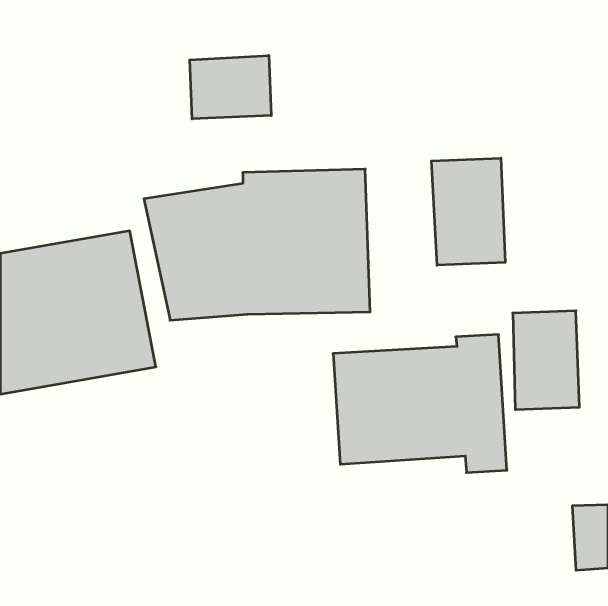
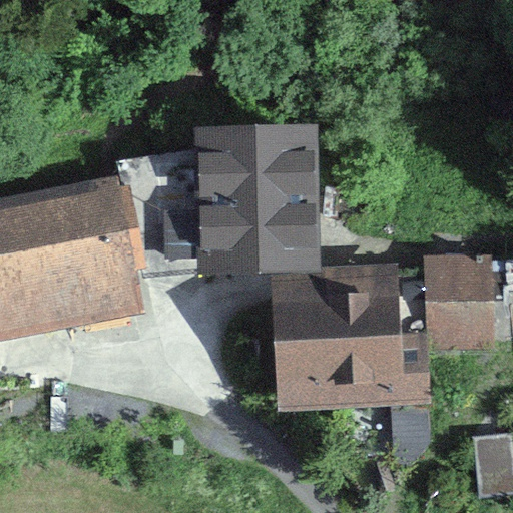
building: [190,55,271,119] -> none
building: [431,158,505,265] -> none

